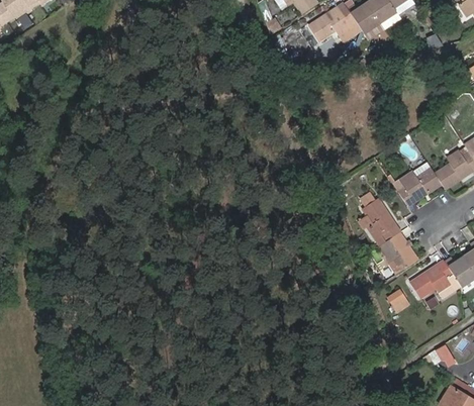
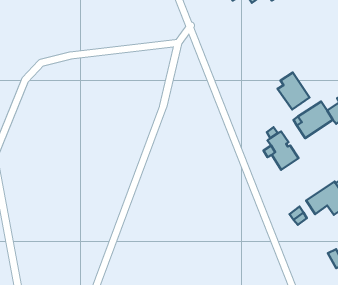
building: none -> [278,72,309,110]
building: [378,230,418,274] -> none

